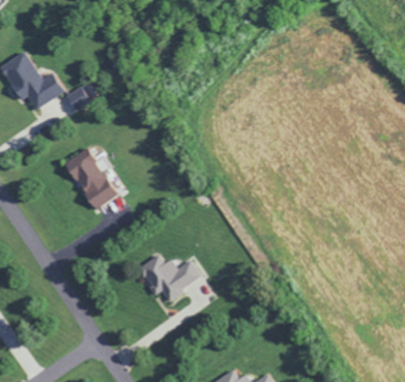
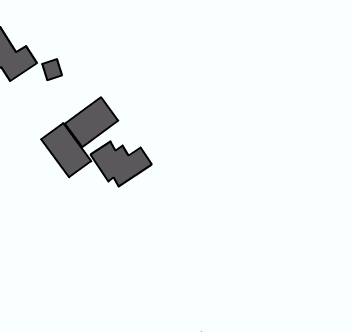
building: none -> [65,97,118,147]
building: [138,254,201,300] -> [91,141,152,187]

